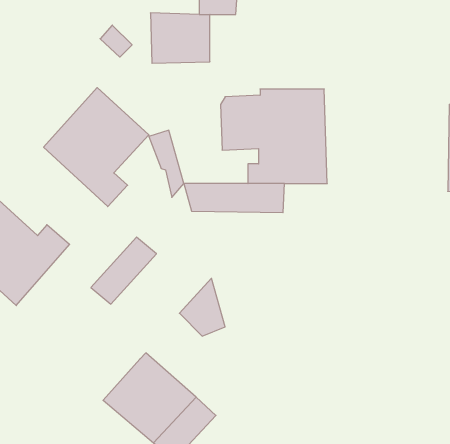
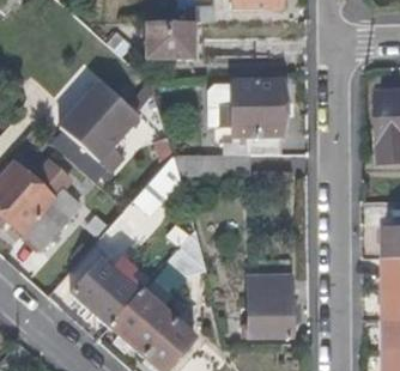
building: none -> [69,260,134,324]
building: none -> [246,279,289,337]

